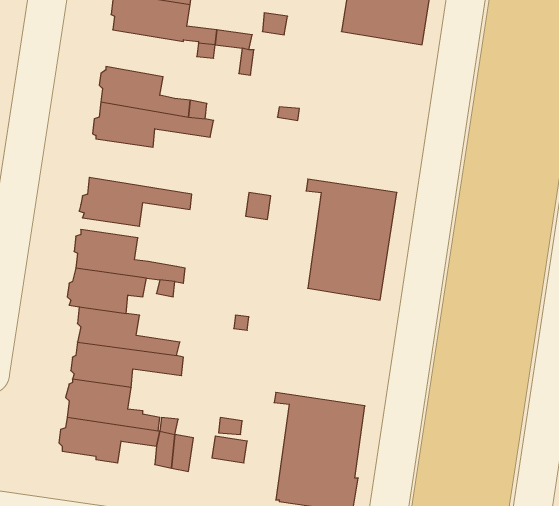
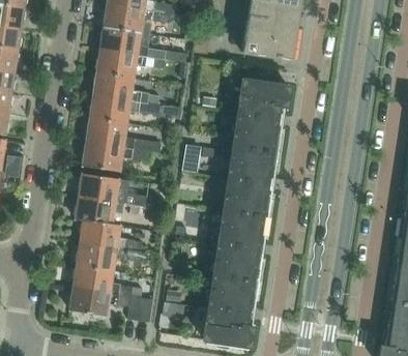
building: none -> [96,51,145,80]
building: none -> [222,79,289,151]
building: none -> [86,118,161,153]
building: none -> [202,210,266,283]

